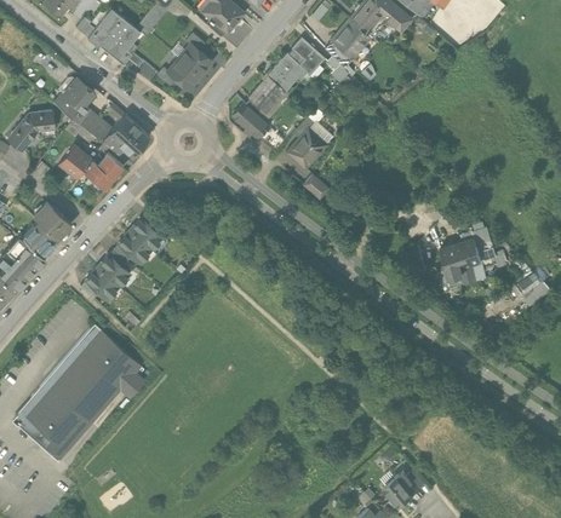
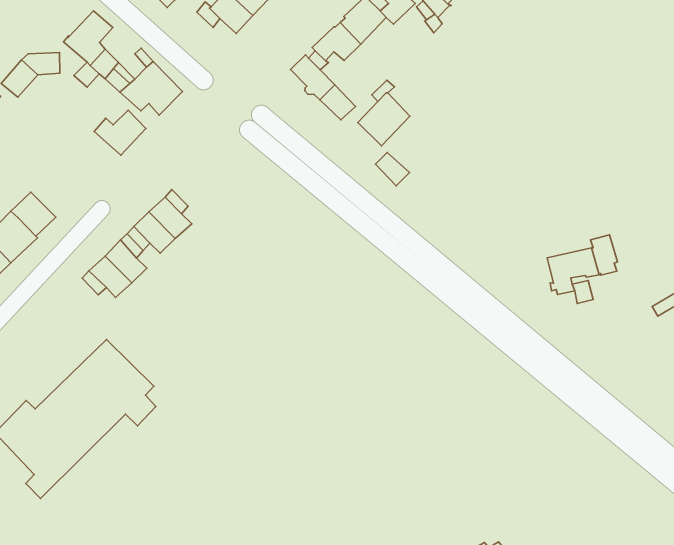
building: [58,145,91,179] -> none
building: [33,203,71,240] -> none

